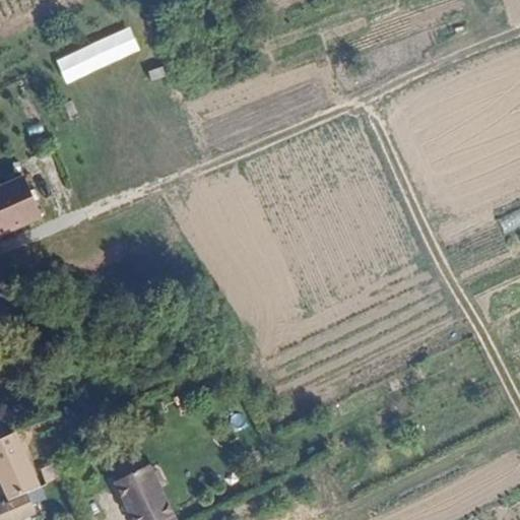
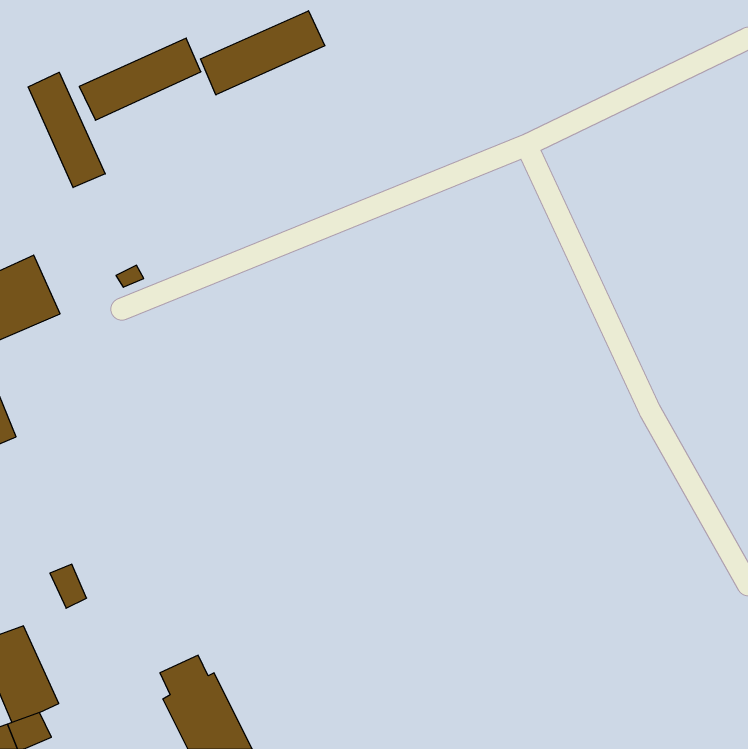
building: none -> [201,11,325,95]
building: none -> [28,72,105,188]

